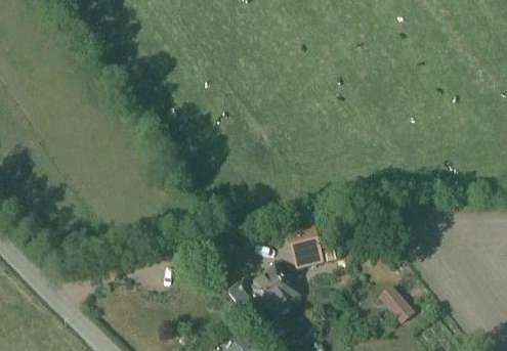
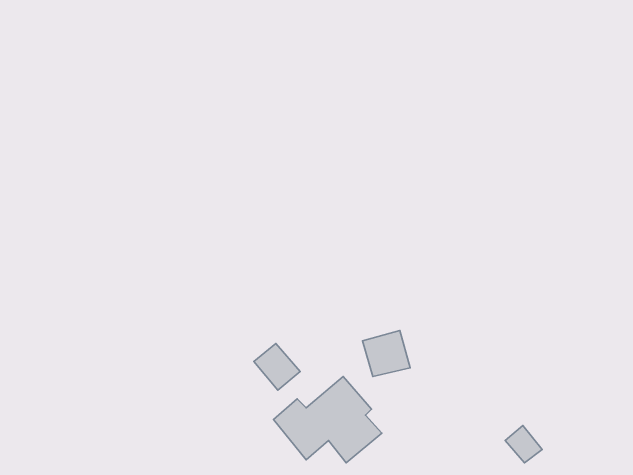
building: none -> [254,344,300,390]

